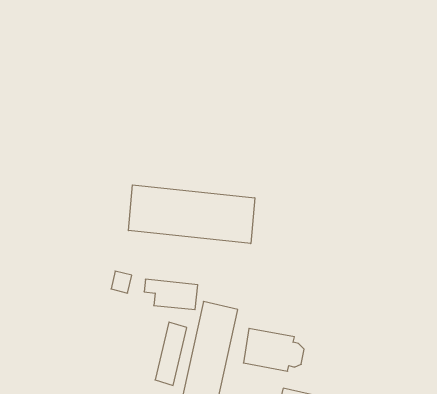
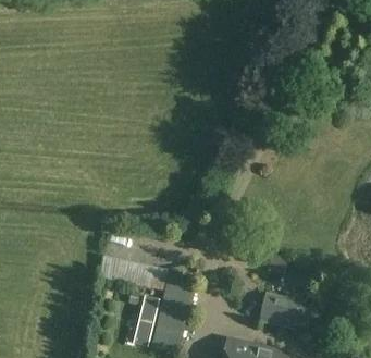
building: [128,185,255,244] -> none
building: [243,328,304,371] -> [260,296,308,330]

